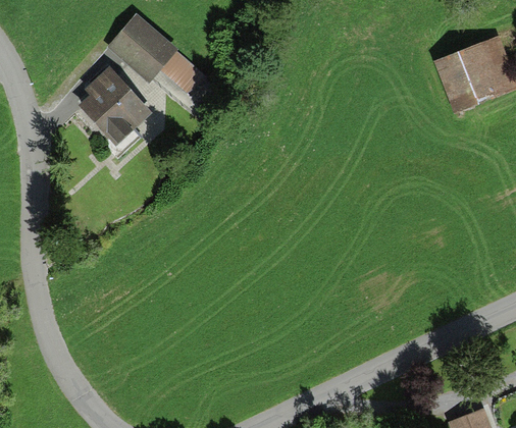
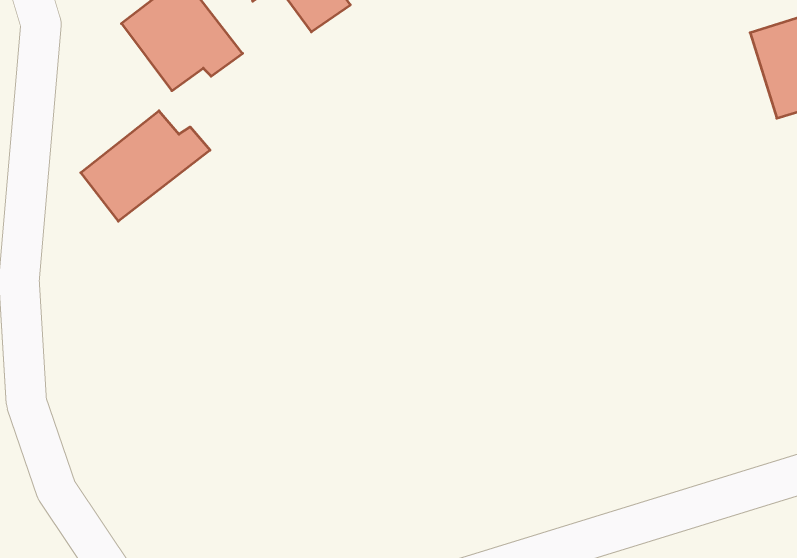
building: none -> [81,111,210,221]

